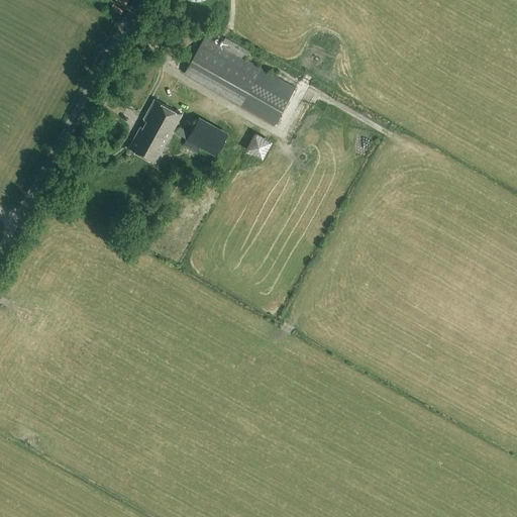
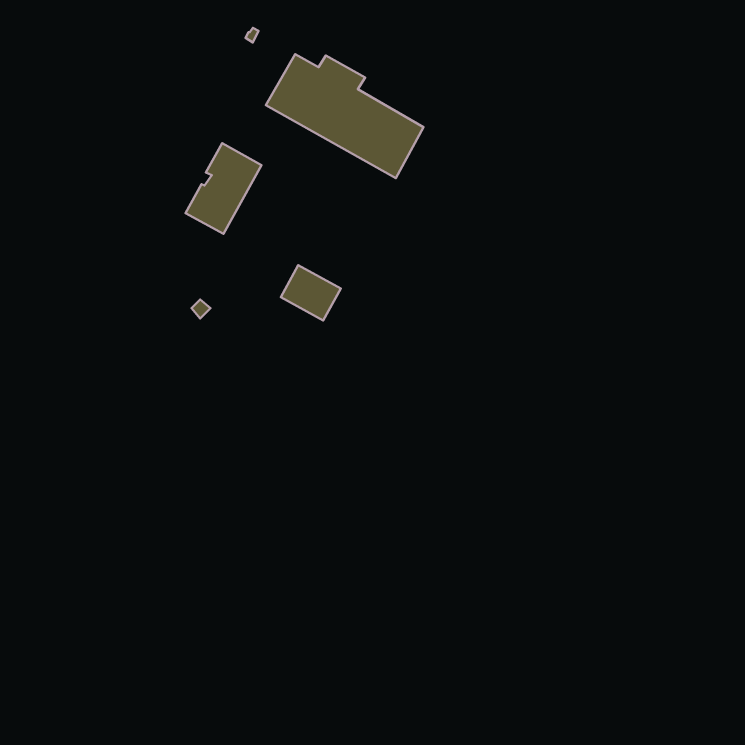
building: [186,120,227,159] -> [281,265,341,321]
building: [244,133,271,160] -> none

